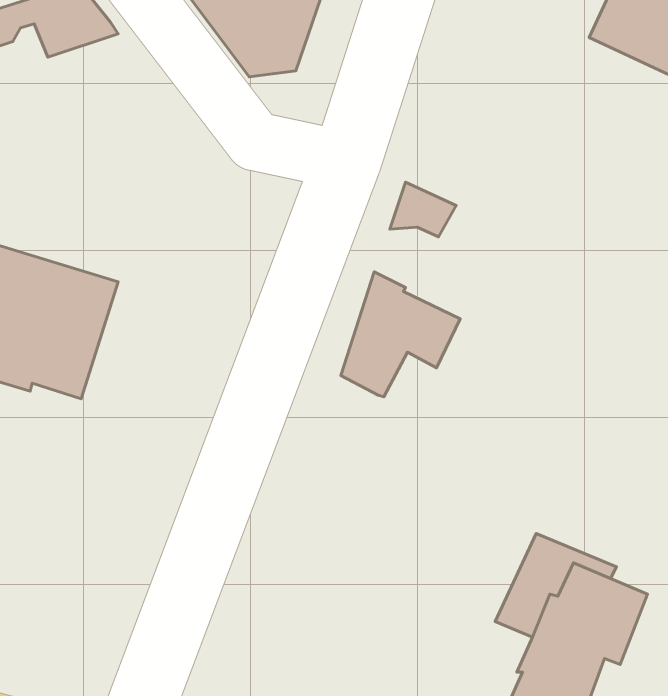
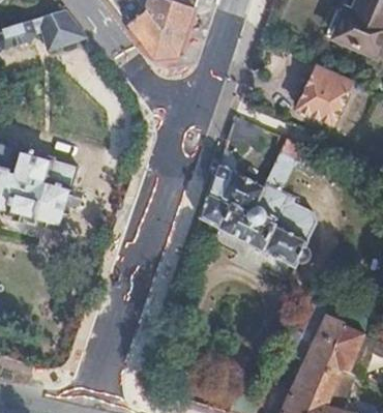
building: none -> [298,65,353,125]
building: none -> [224,140,317,266]

